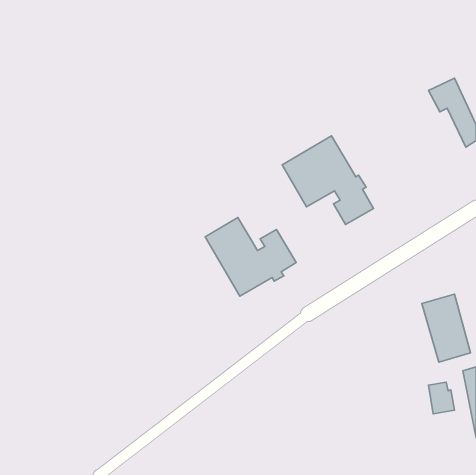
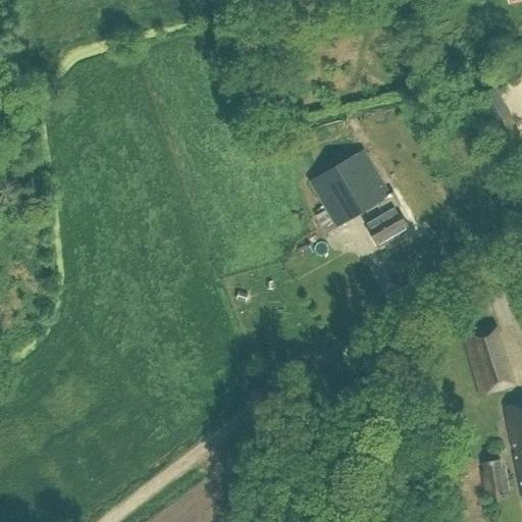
building: [205,218,296,296] -> none
building: [429,382,455,414] -> [481,458,510,492]

